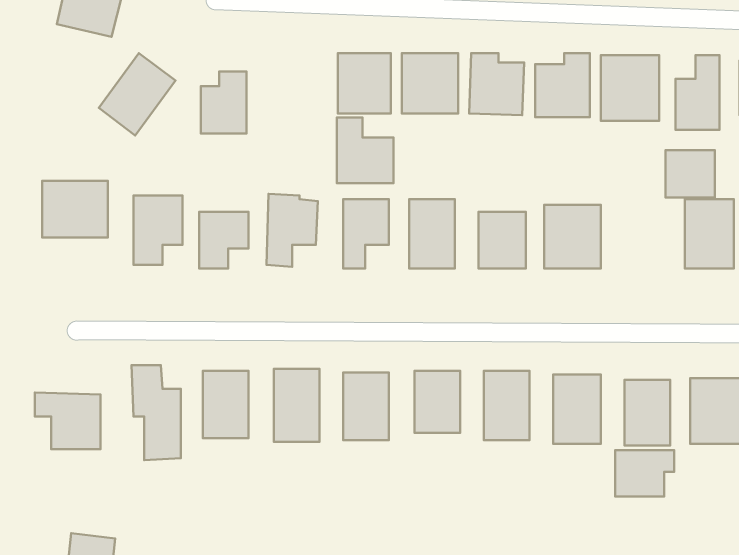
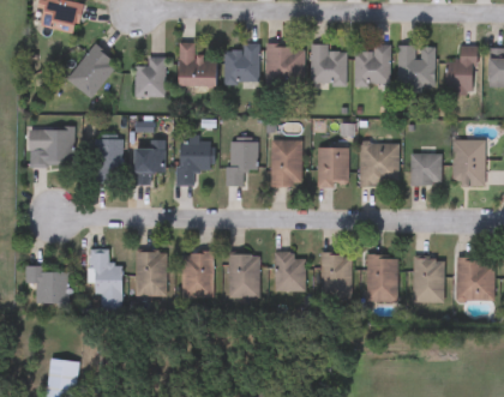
building: [337,117,394,183] -> [179,43,216,86]
building: [666,150,715,198] -> [409,155,442,186]
building: [615,450,674,497] -> none

